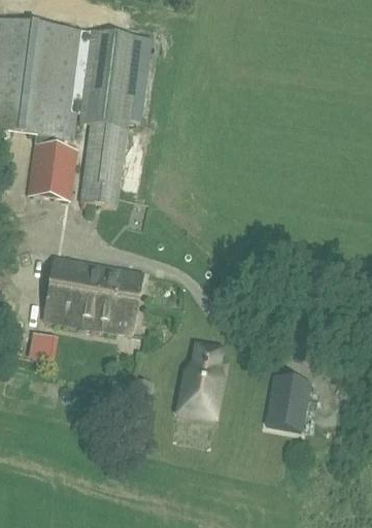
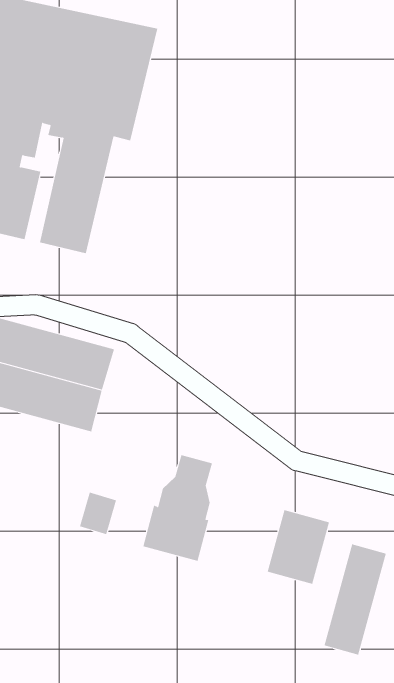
building: none -> [324,543,386,656]

